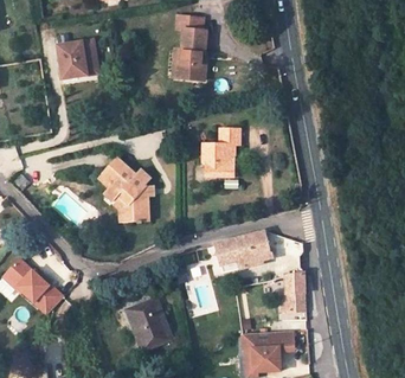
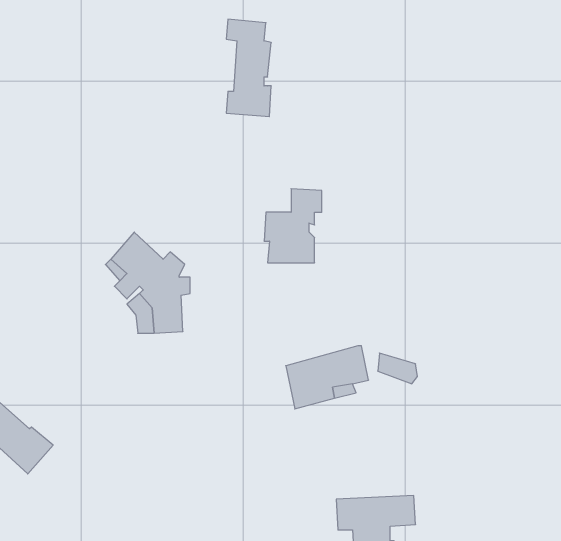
building: [58,40,98,79] -> none
building: [281,273,306,312] -> none
building: [127,299,171,350] -> none

